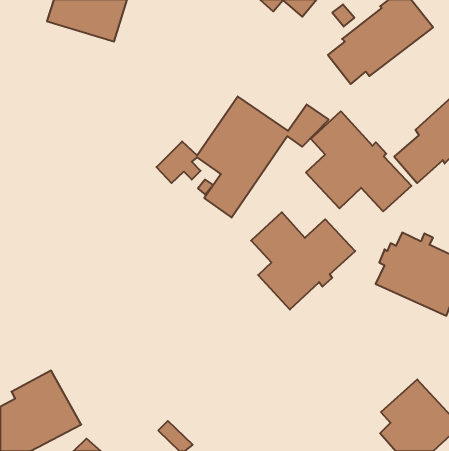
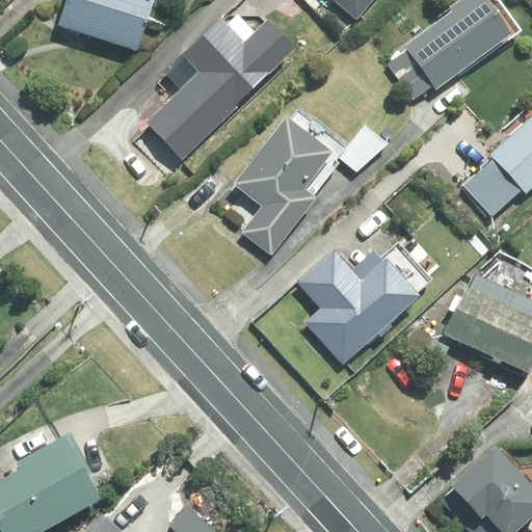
building: none -> [148,14,294,160]
building: [306,111,411,211] -> none

